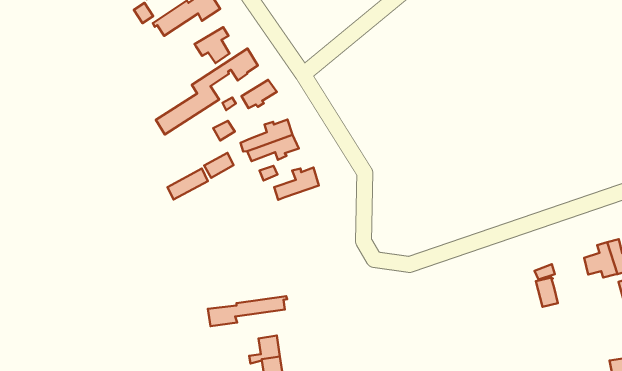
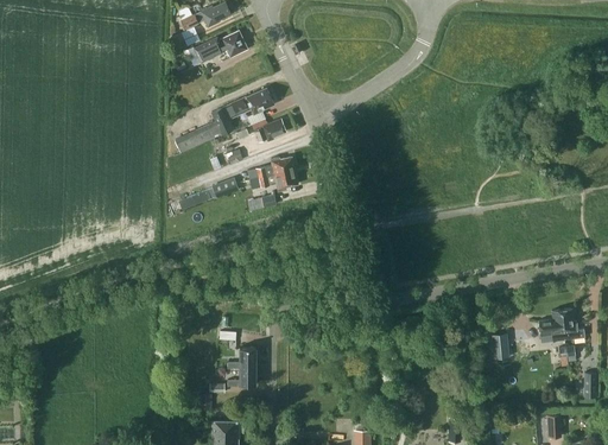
building: [194,27,229,63] -> none
building: [274,168,319,200] -> none
building: [208,296,287,326] -> none

